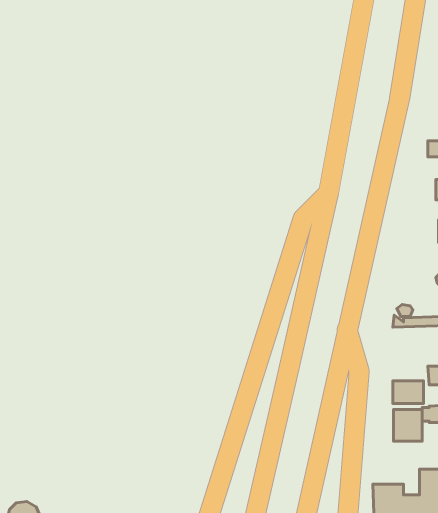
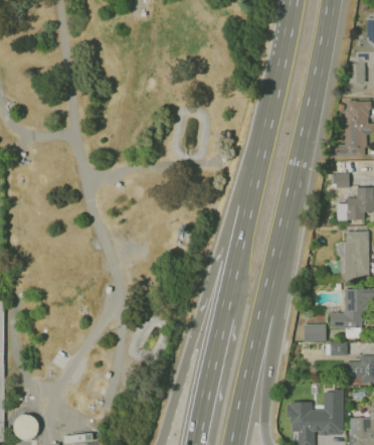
building: [394,409,422,441] -> none

